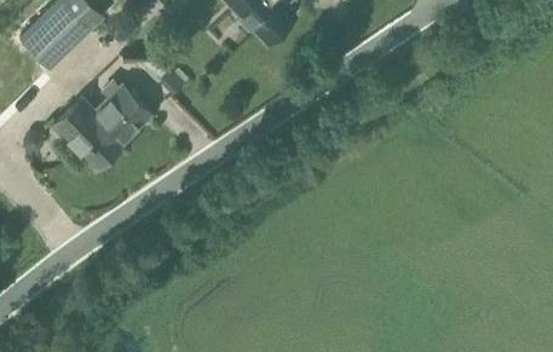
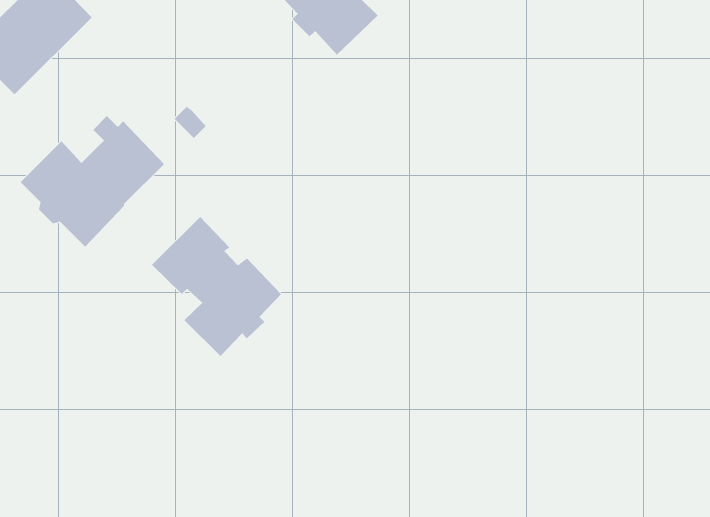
building: none -> [151,216,282,357]

